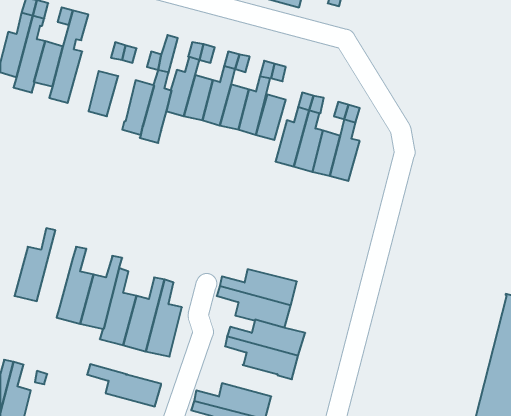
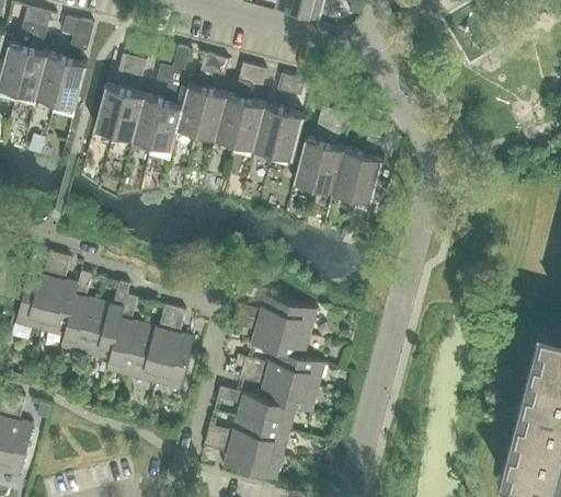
building: none -> [114,91,145,139]
building: none -> [39,255,78,337]
building: [87,364,161,406] -> [217,388,296,432]

